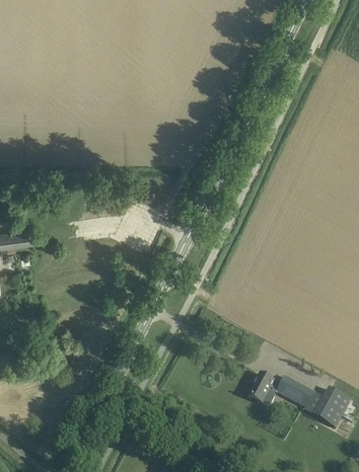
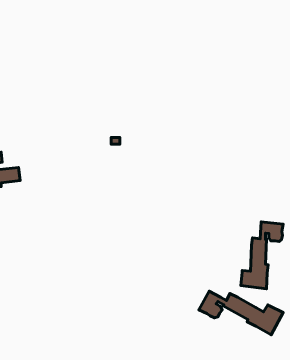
building: none -> [241,222,283,289]

